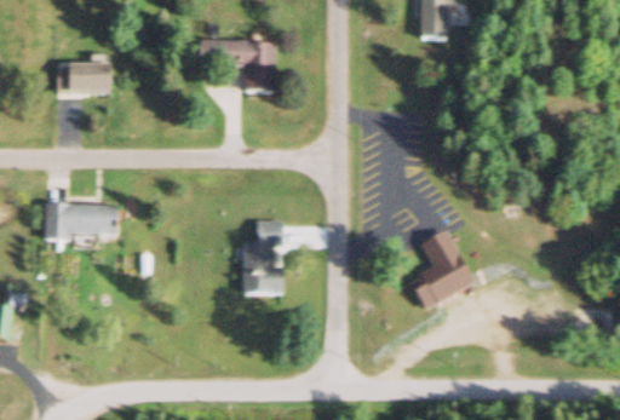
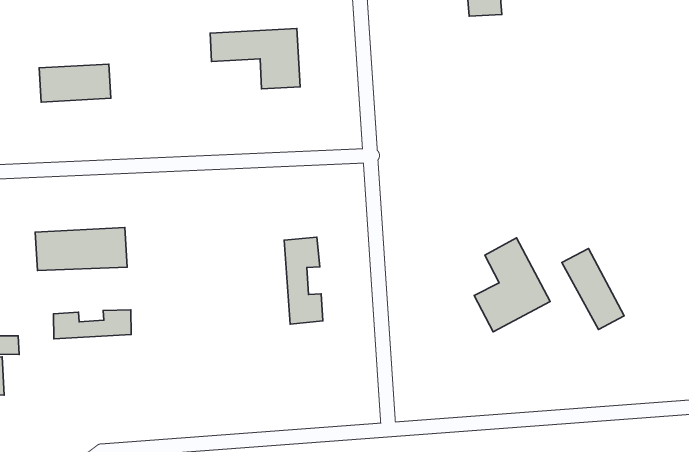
building: none -> [562,248,624,330]
building: none -> [53,310,131,339]

